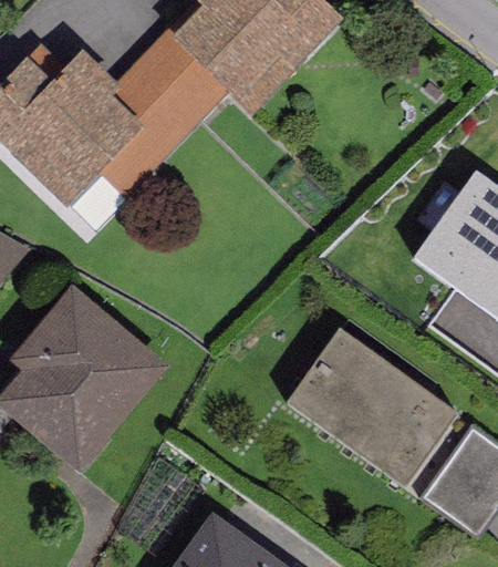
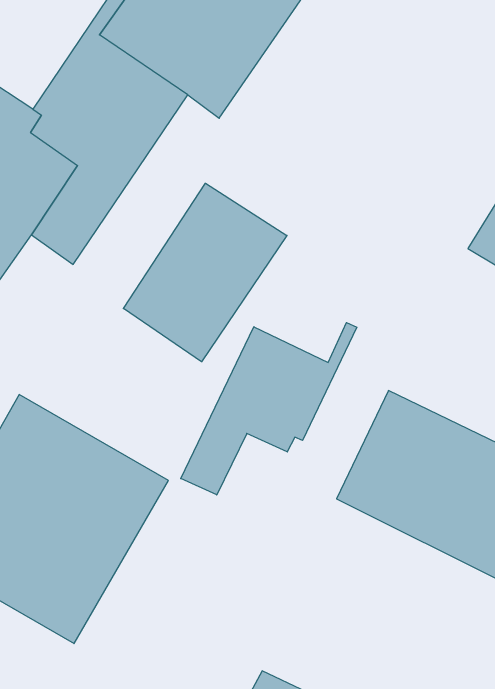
building: none -> [123,183,287,362]
building: none -> [181,323,357,495]

